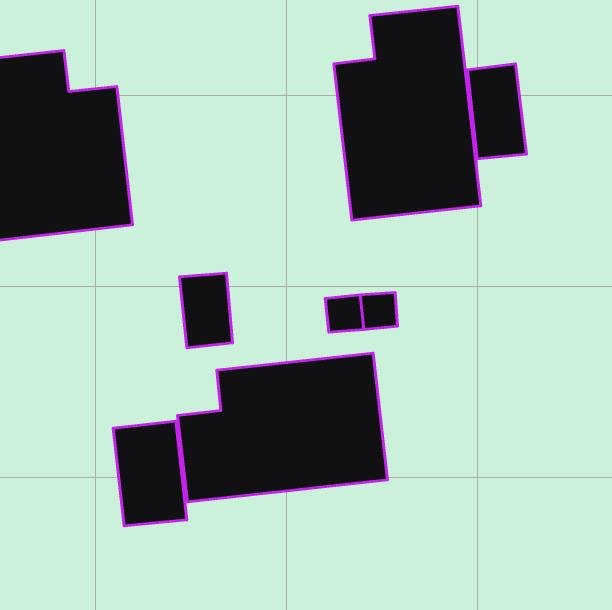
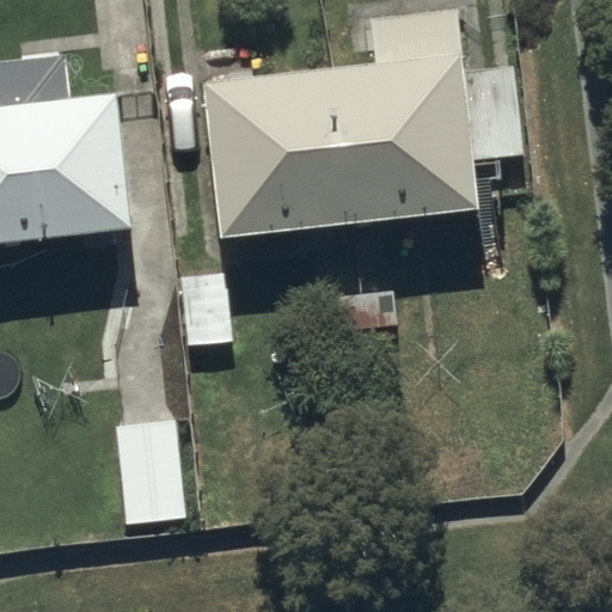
building: none -> [202,68,349,239]
building: [178,353,387,502] -> none

